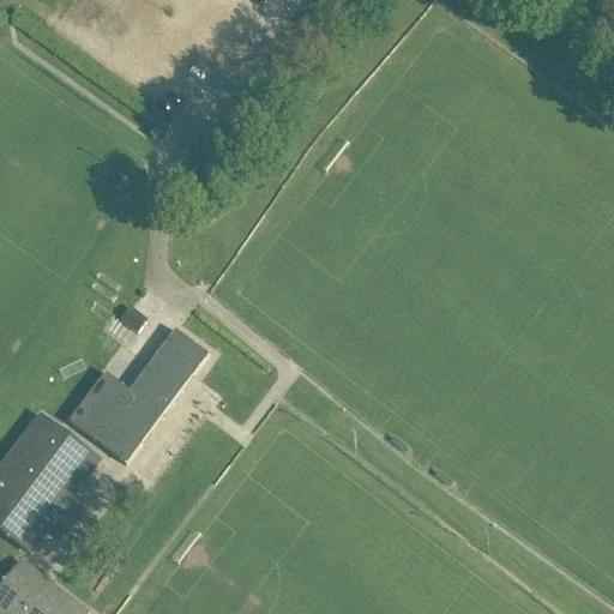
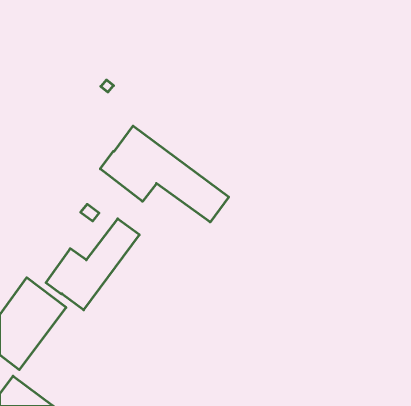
building: none -> [100,126,229,222]

